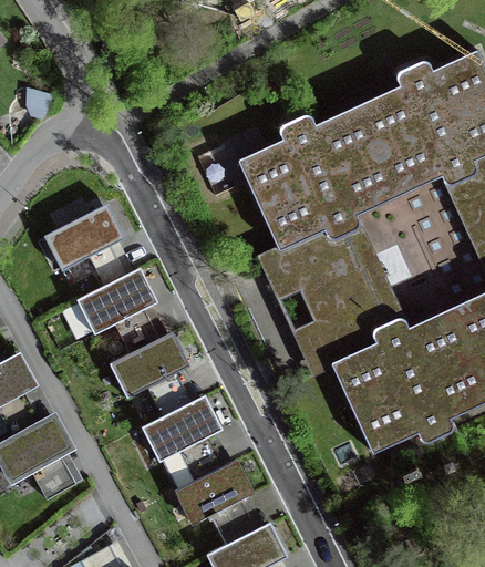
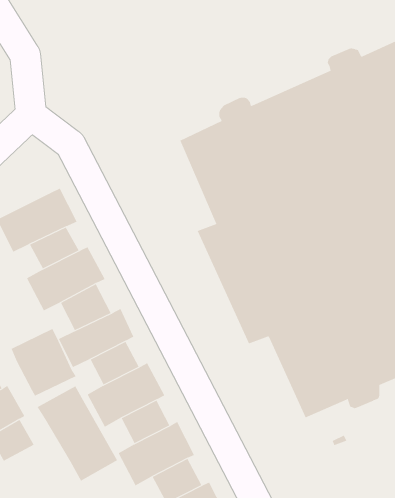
building: none -> [11,328,76,397]
building: none -> [37,386,118,481]

